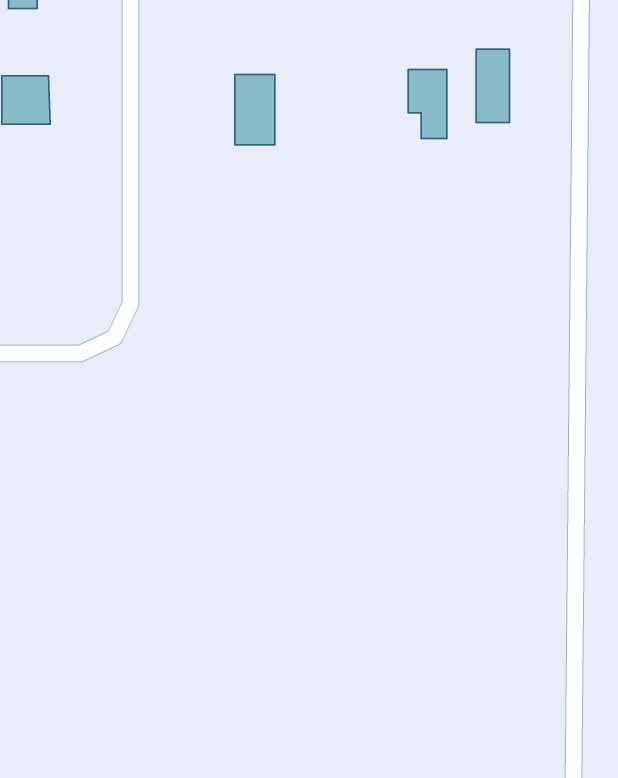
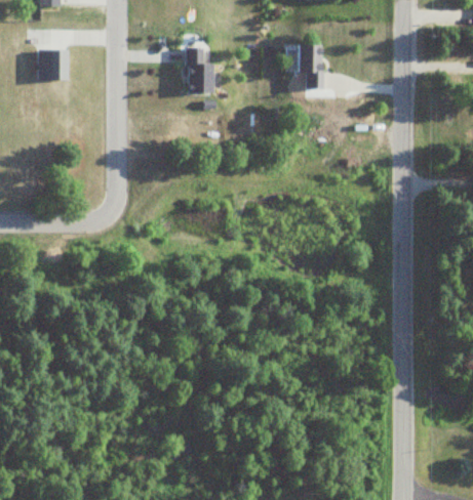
building: [476,49,509,123] -> none

